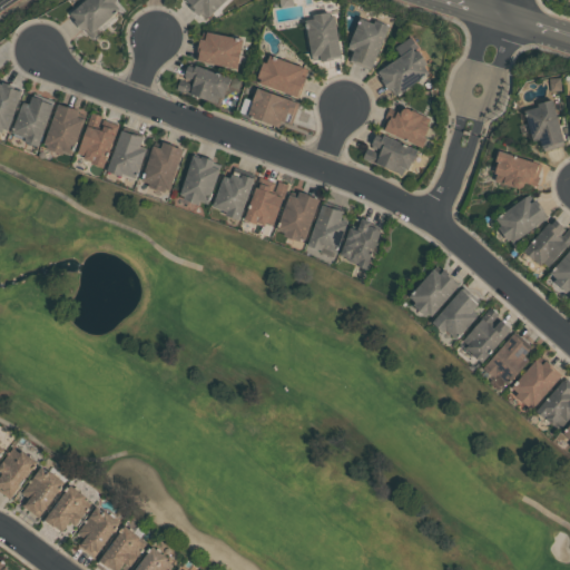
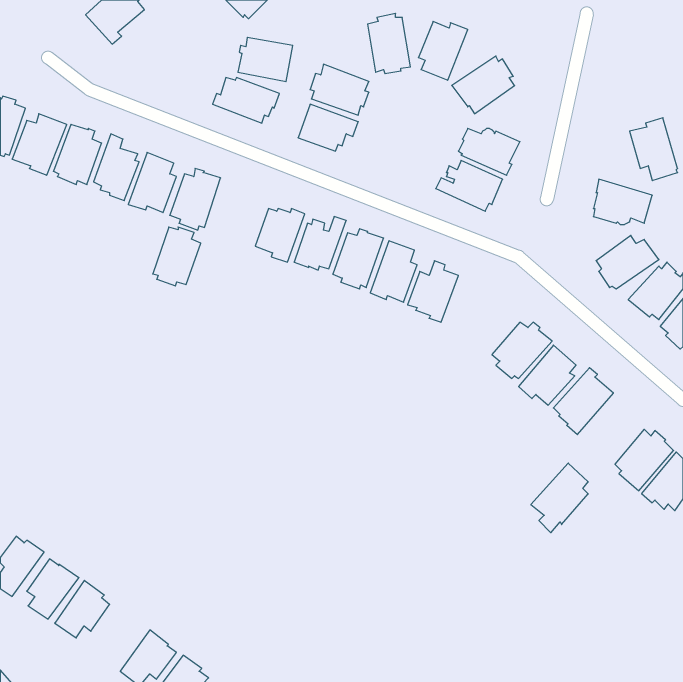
building: [180,156,220,205] -> [153,227,201,286]
building: [482,334,530,392] -> [531,463,588,533]
building: [78,507,121,558] -> none

